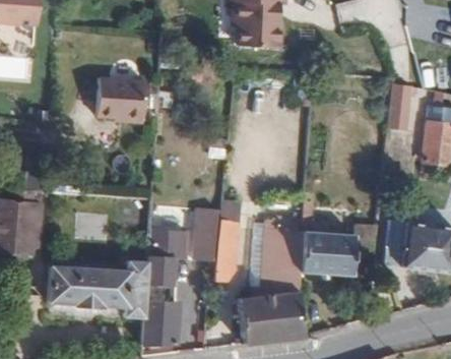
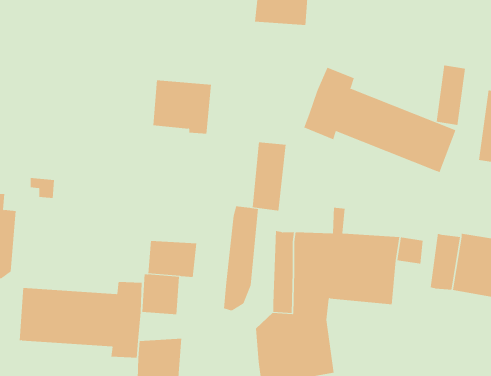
building: [96,79,145,124] -> [153,80,212,134]
building: none -> [303,67,456,173]
building: [192,205,220,262] -> [252,142,286,211]

